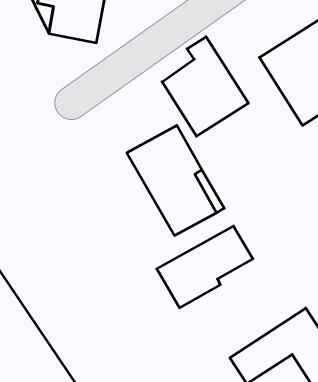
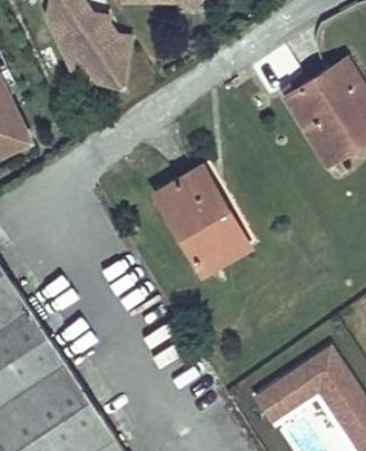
building: [162,37,248,136] -> none
building: [157,226,253,308] -> none

